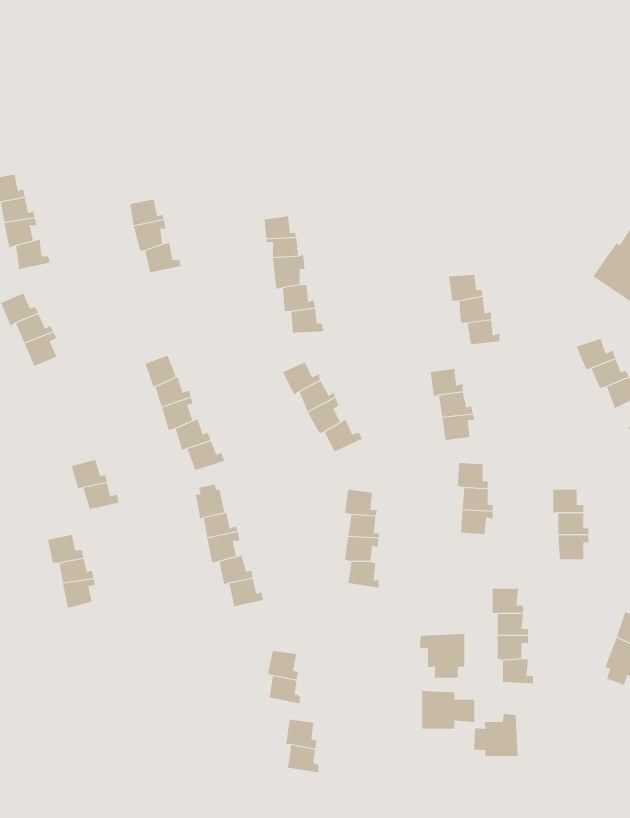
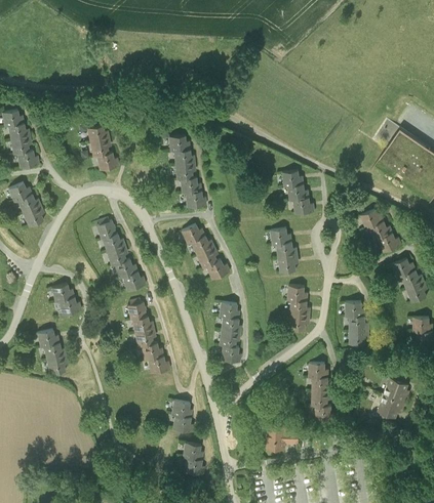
building: [419,633,465,679] -> none
building: [474,713,518,757] -> none

